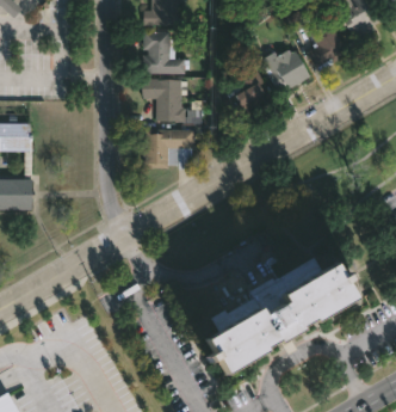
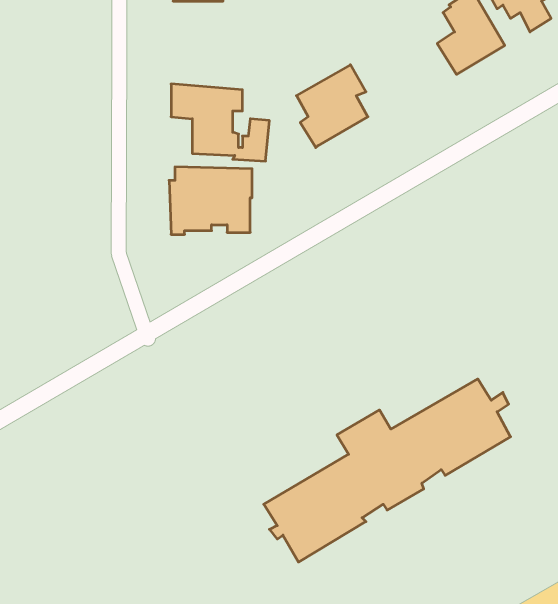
building: [143,31,190,74] -> none
building: [264,50,310,90] -> none

